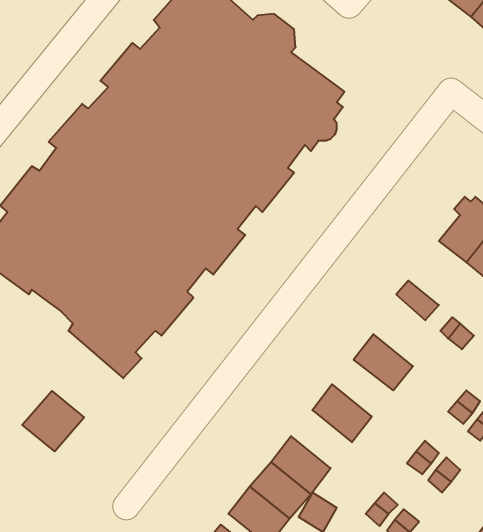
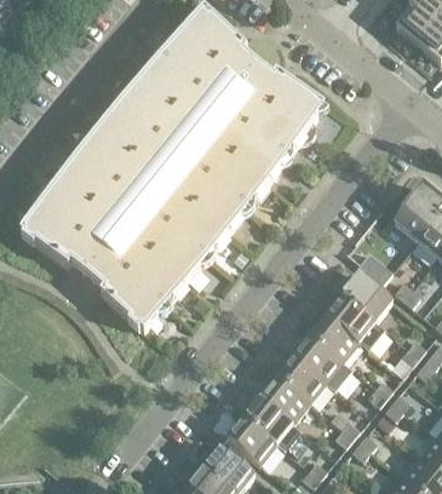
building: none -> [340,272,389,320]
building: none -> [308,315,356,360]
building: [22,391,84,451] -> none
building: none -> [275,355,323,401]

